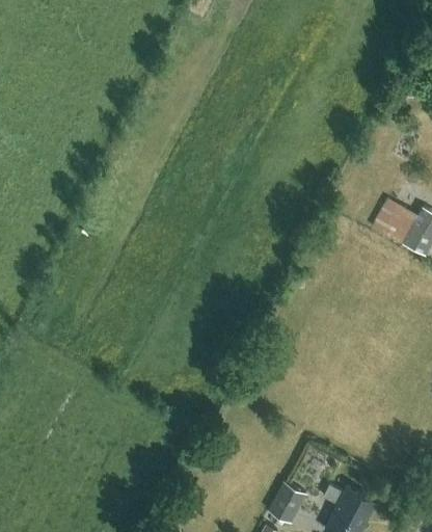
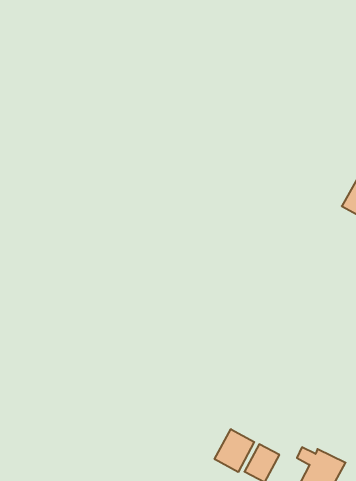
building: none -> [215,429,254,472]

